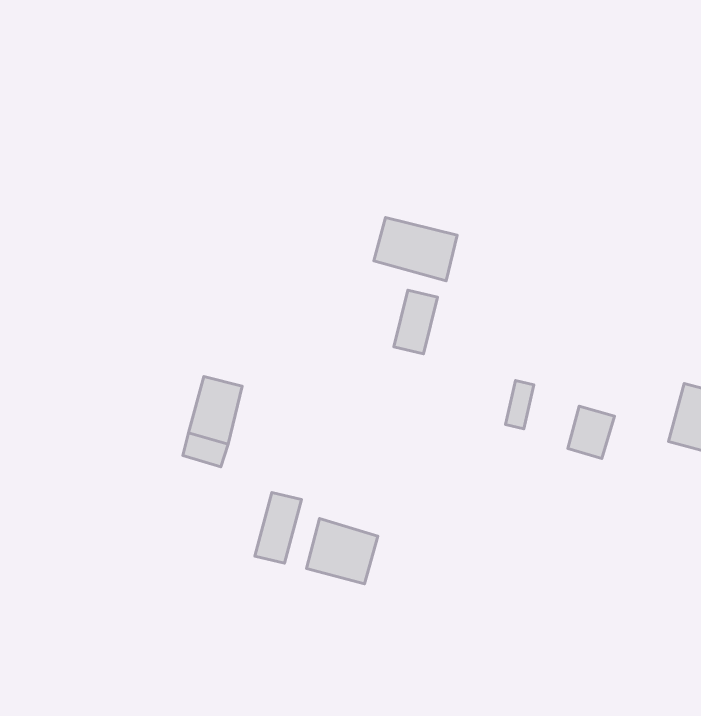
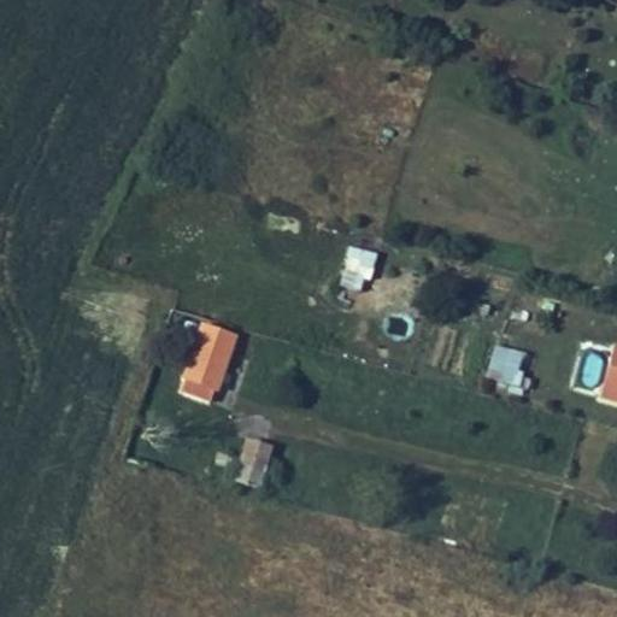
building: [374,217,457,281] -> none
building: [307,518,378,584] -> none

